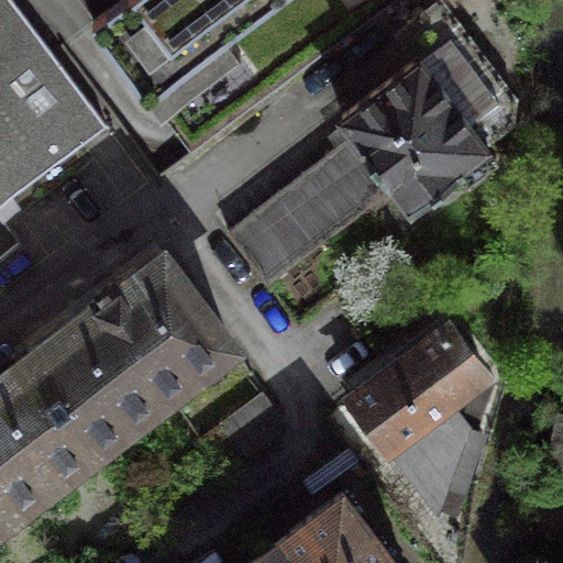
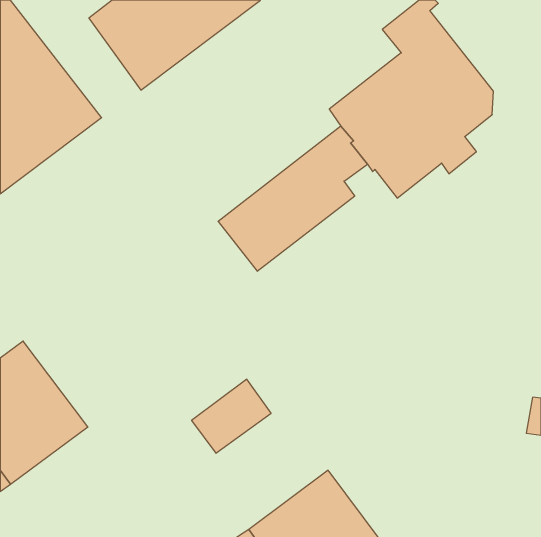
building: [24,256,230,448] -> none
building: [351,325,492,508] -> none

